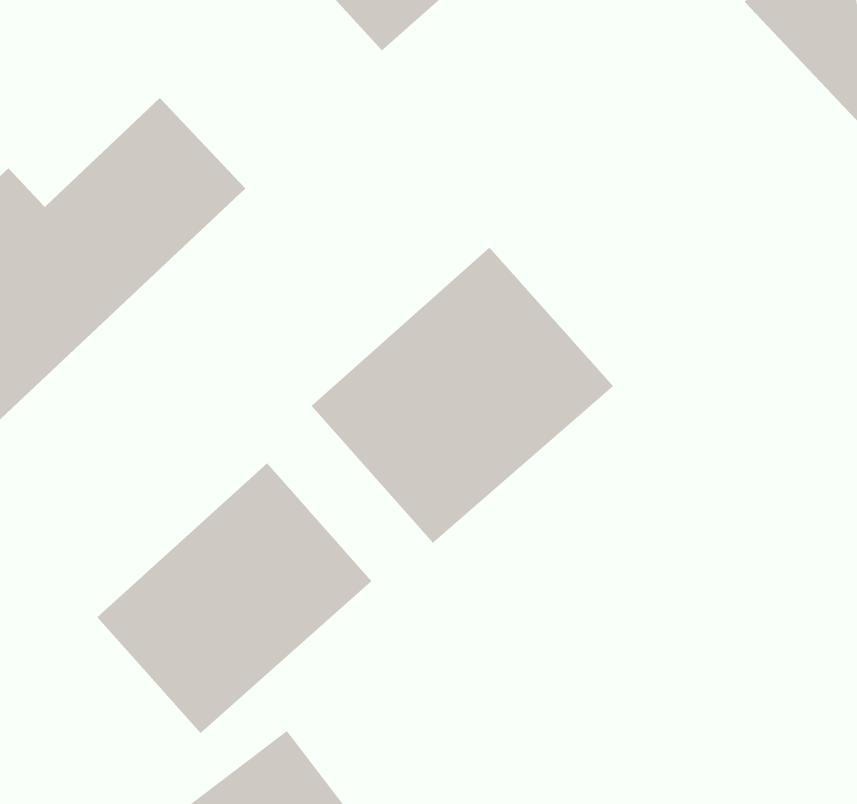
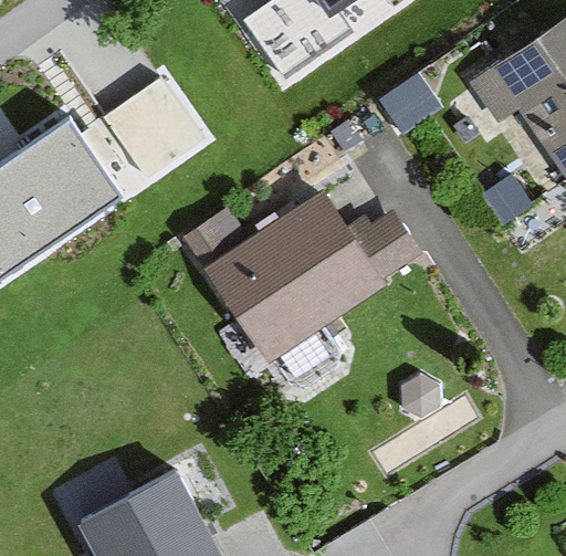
building: [96,463,372,734] -> none

